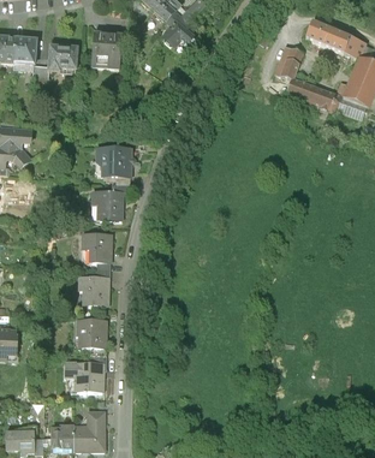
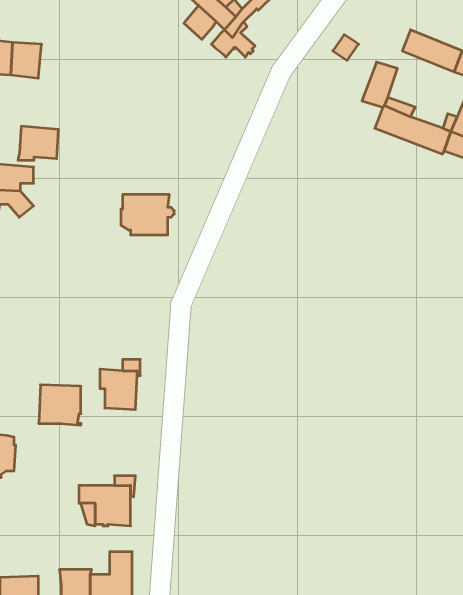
building: [90,28,121,66] -> none
building: [47,42,77,67] -> [18,126,58,160]
building: [91,191,121,221] -> none
building: [82,234,109,263] -> none
building: [75,321,106,351] -> [39,385,81,425]

